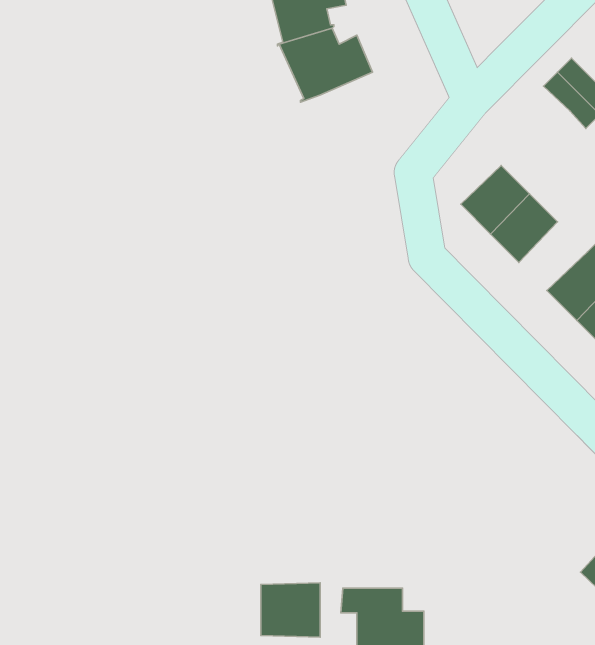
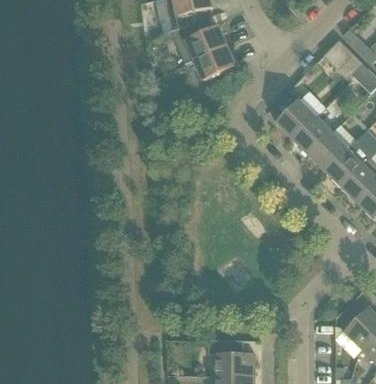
building: none -> [195,46,234,79]
building: none -> [308,131,347,170]
building: [261,583,320,637] -> none

